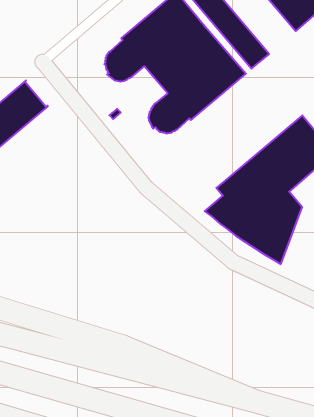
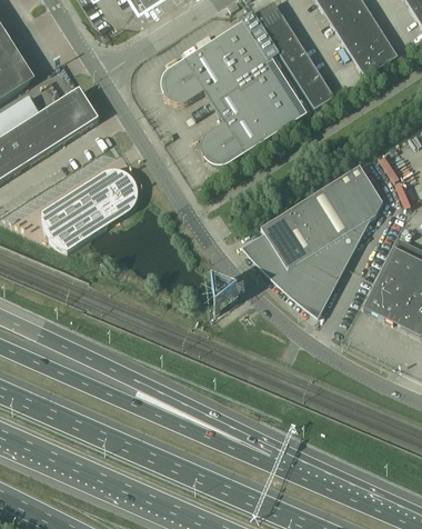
building: none -> [42,171,135,249]

